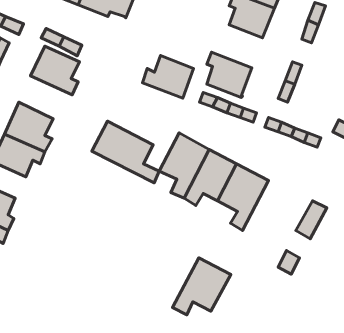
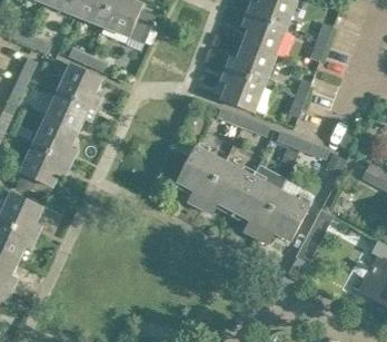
building: [143,55,194,98] -> [226,43,274,84]
building: none -> [46,91,96,131]
building: [92,121,159,183] -> none
building: [173,258,231,315] -> [255,189,309,243]

